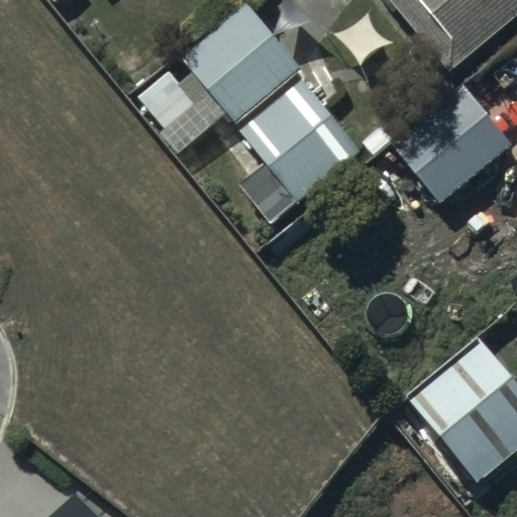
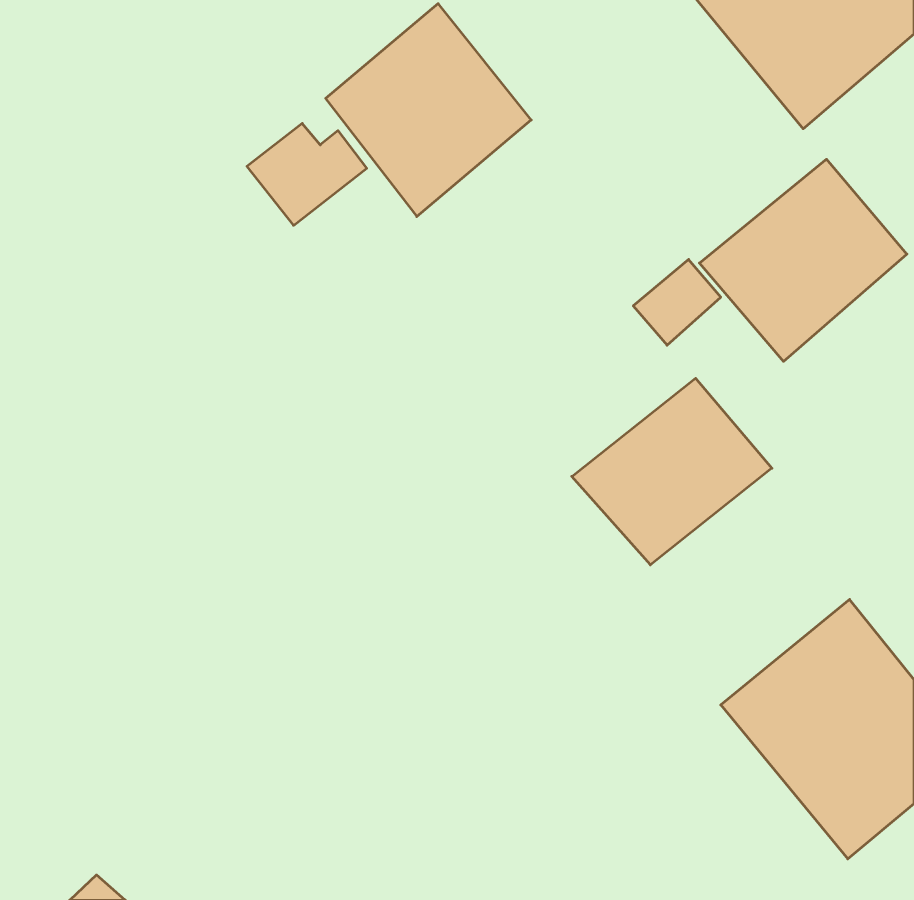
building: [237,78,361,225] -> none
building: none -> [572,378,772,565]

